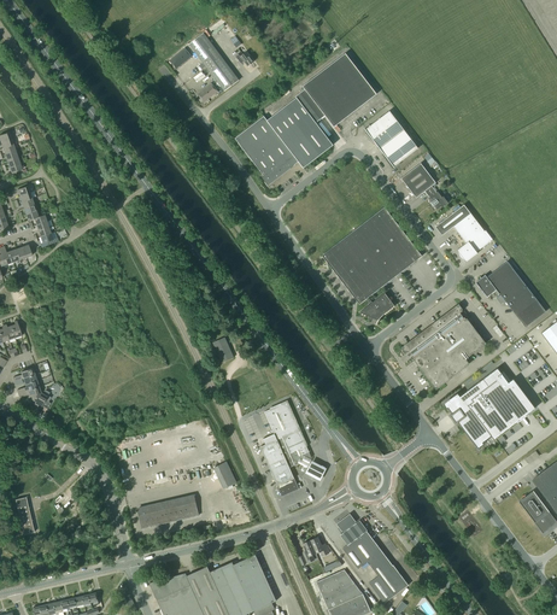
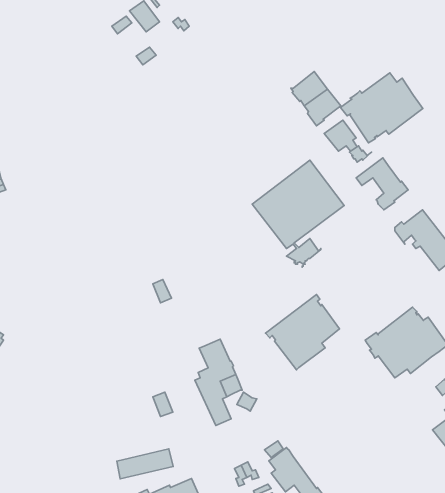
building: [235,54,376,184] -> none
building: [206,57,239,92] -> none
building: none -> [341,73,423,143]
building: [403,306,483,388] -> [266,295,340,370]
building: [137,496,199,528] -> [117,449,173,479]

